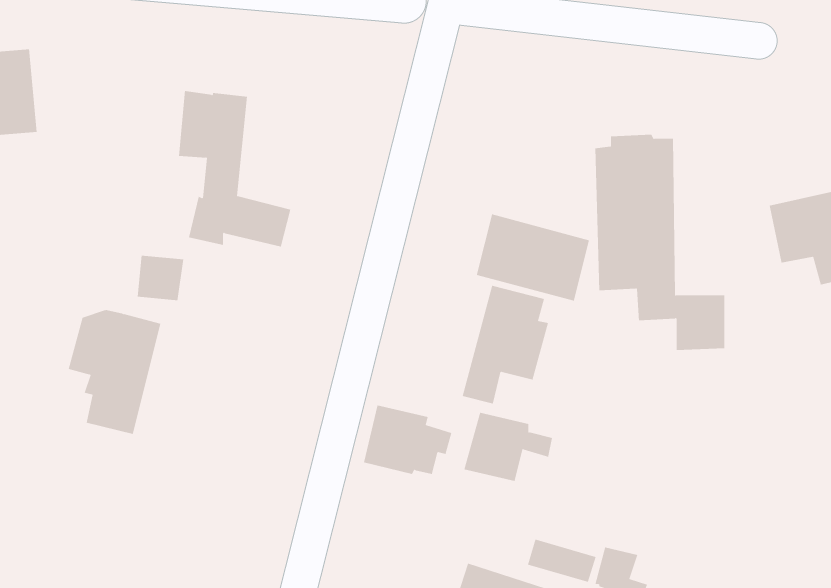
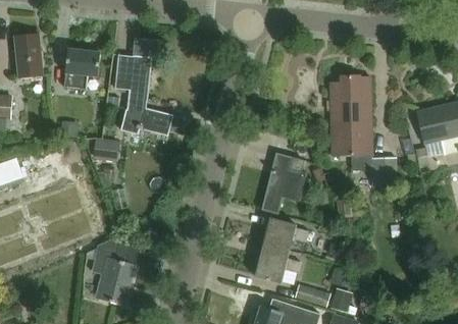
building: none -> [63,47,100,88]
building: [476,214,590,302] -> none
building: [68,310,161,435] -> [91,239,139,304]
building: [363,405,452,474] -> [255,248,301,283]

